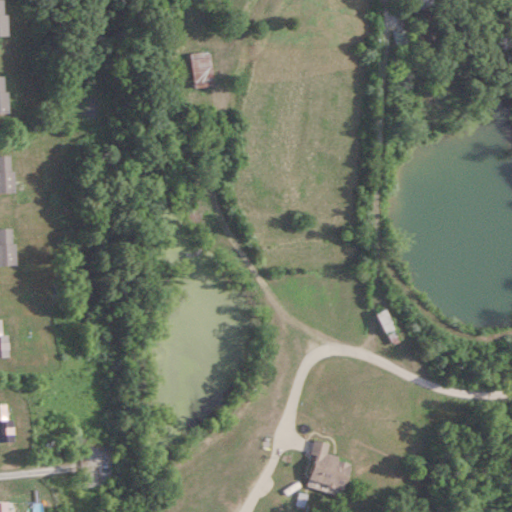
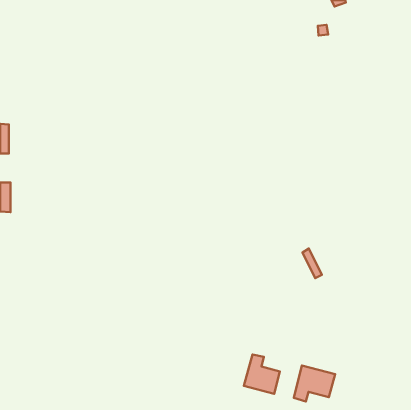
building: [193,53,213,83] -> none
building: none -> [294,365,335,402]

